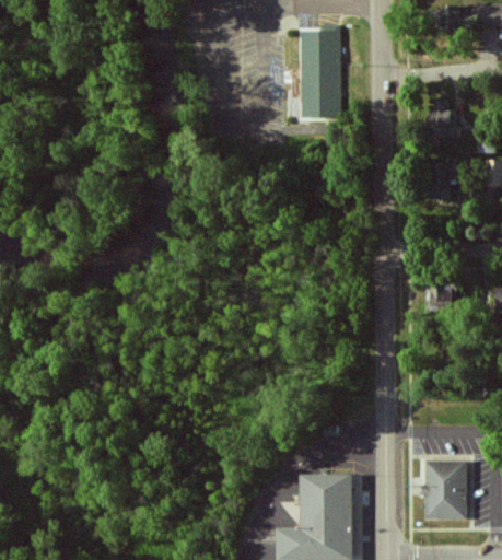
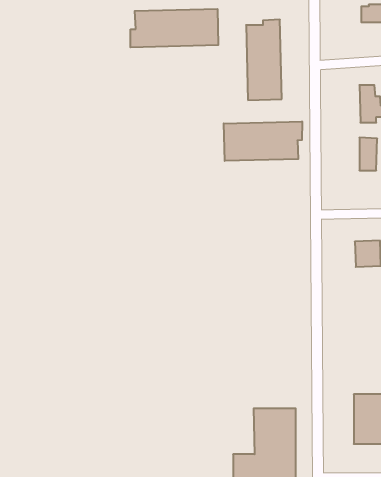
building: none -> [130,9,218,47]
building: none -> [224,121,302,161]

